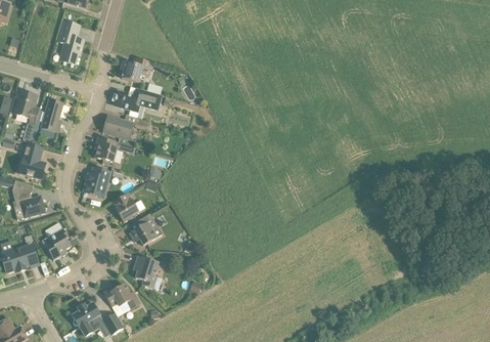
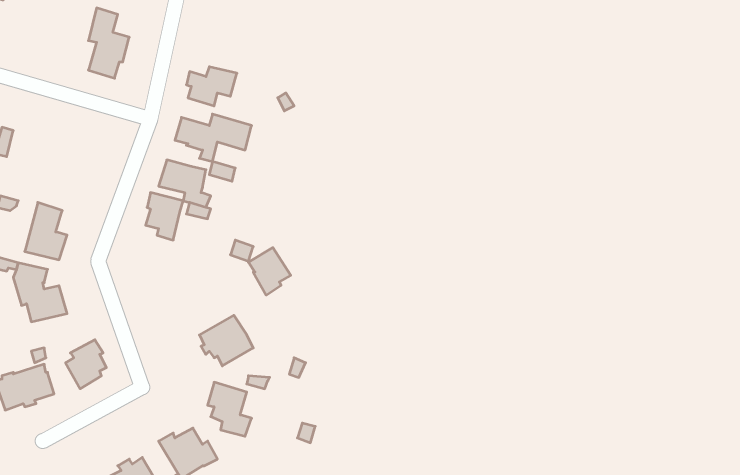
building: [14,90,39,141] -> none
building: [40,98,62,132] -> none
building: [82,166,110,197] -> none
building: [112,193,138,222] -> [248,248,291,295]

